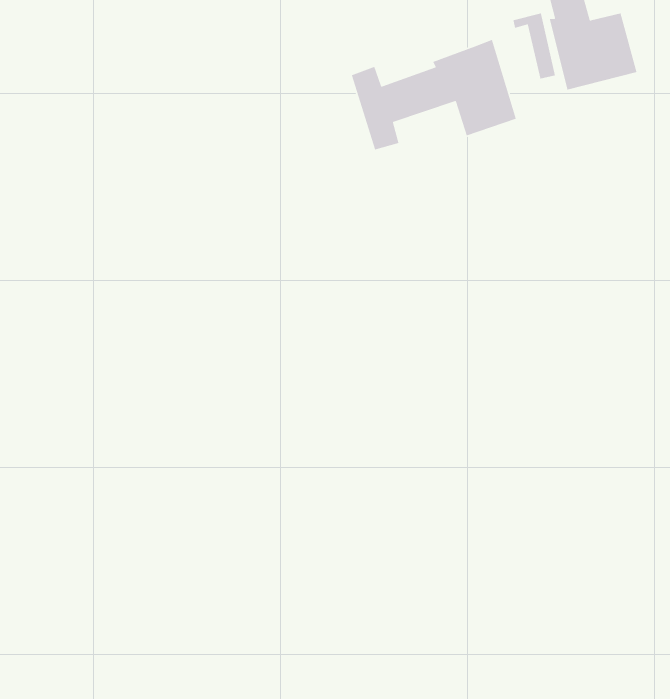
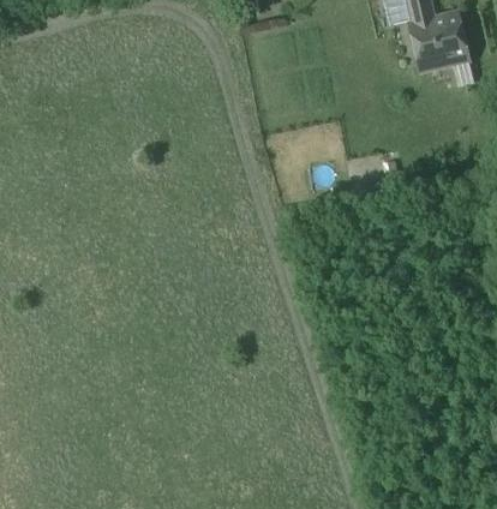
building: [351,39,517,151] -> none

